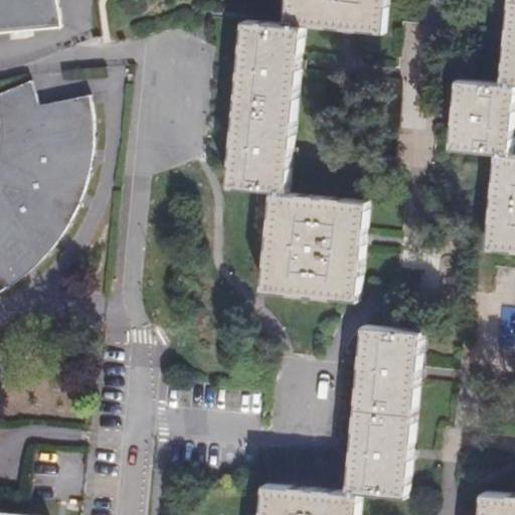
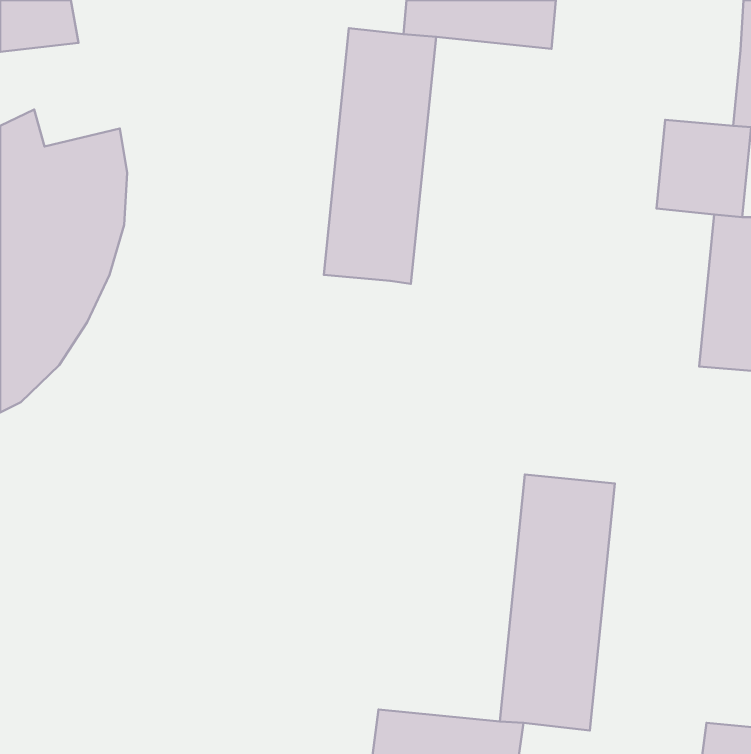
building: [259,192,369,302] -> none

